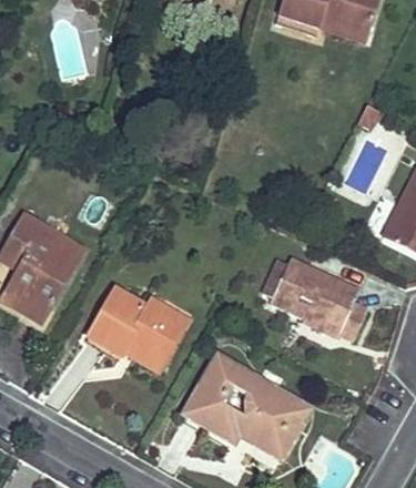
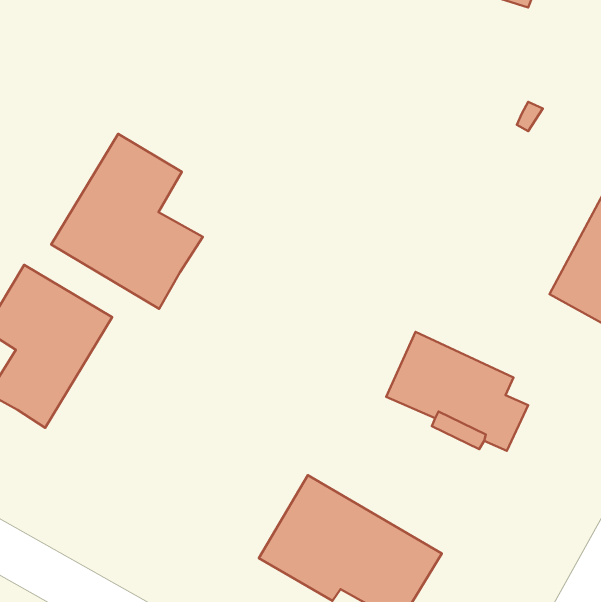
building: none -> [51,134,203,309]
building: [89,289,186,360] -> none

